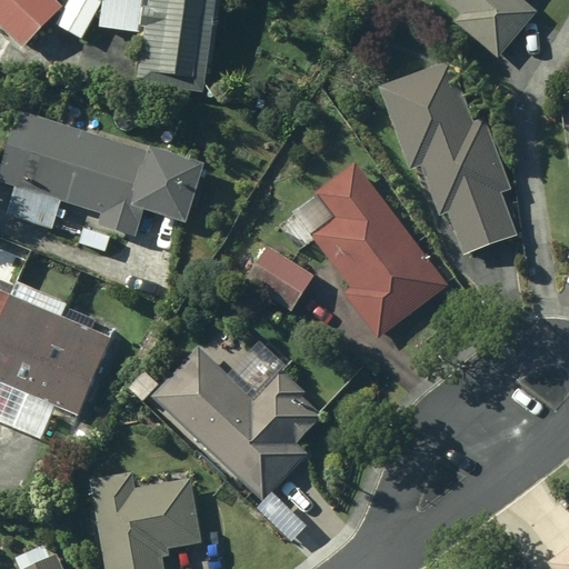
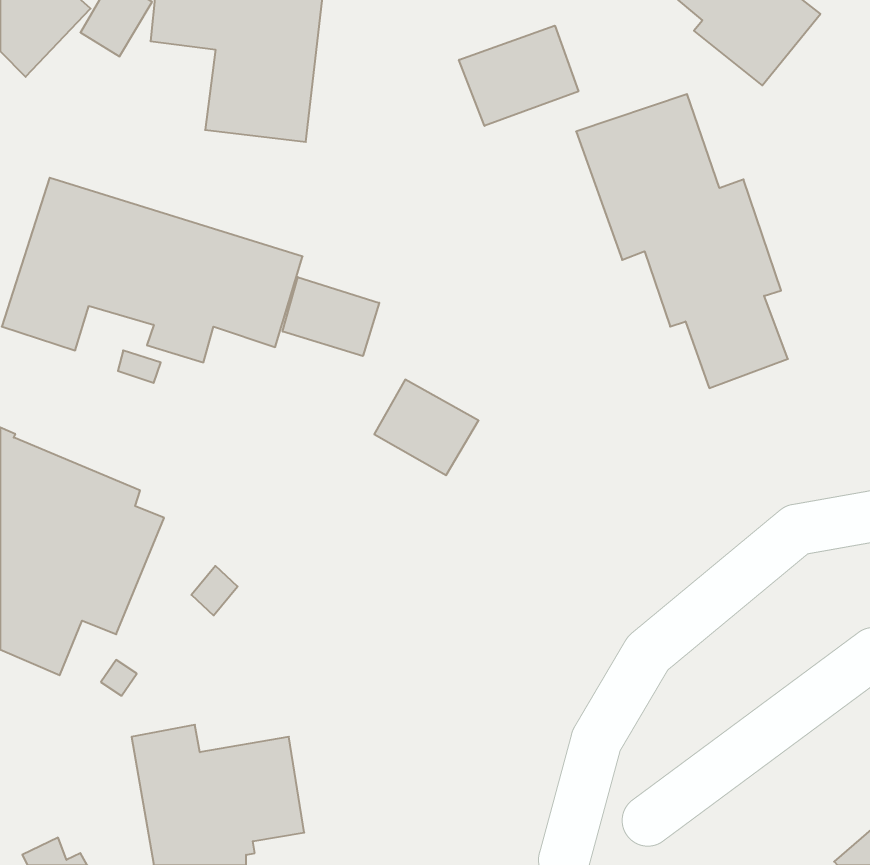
building: none -> [459,26,578,126]
building: [292,164,447,338] -> none
building: none -> [283,277,379,356]
building: [150,346,321,500] -> none

